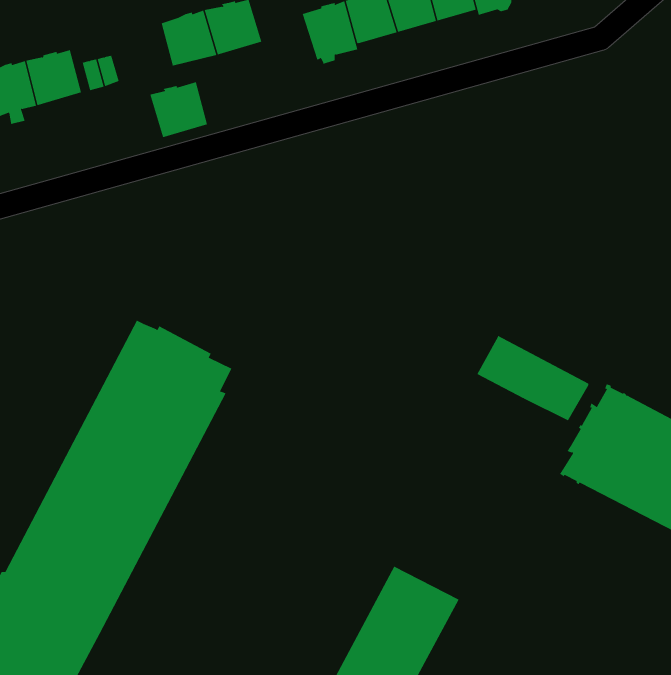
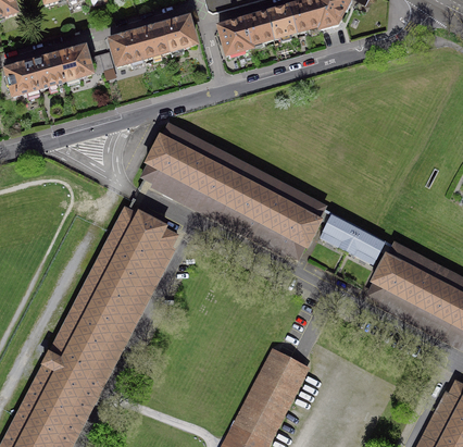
building: [149,81,208,138] -> [111,32,145,64]
building: none -> [142,122,327,257]

